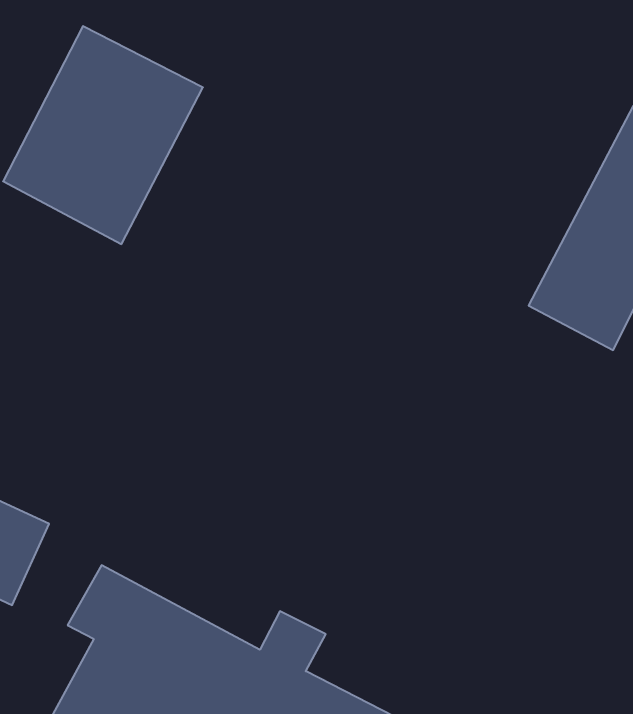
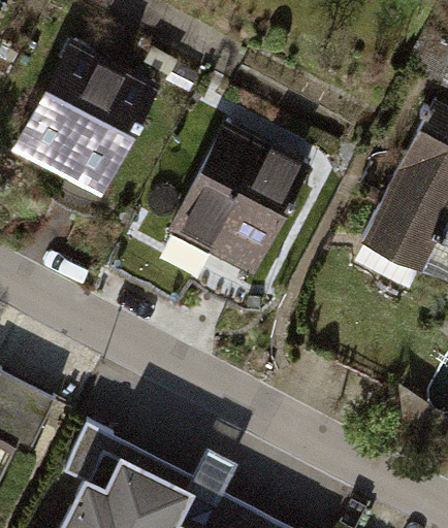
building: none -> [169,135,303,279]

